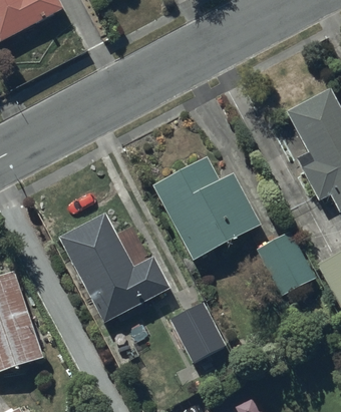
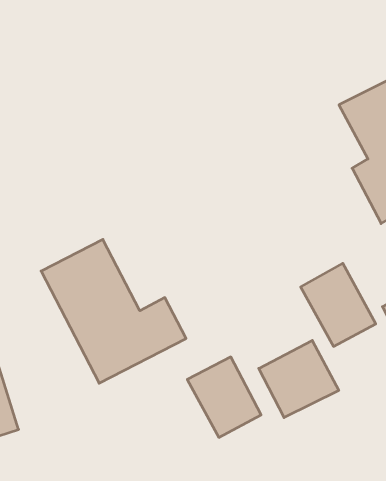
building: [152,156,261,261] -> none
building: none -> [259,340,339,418]

